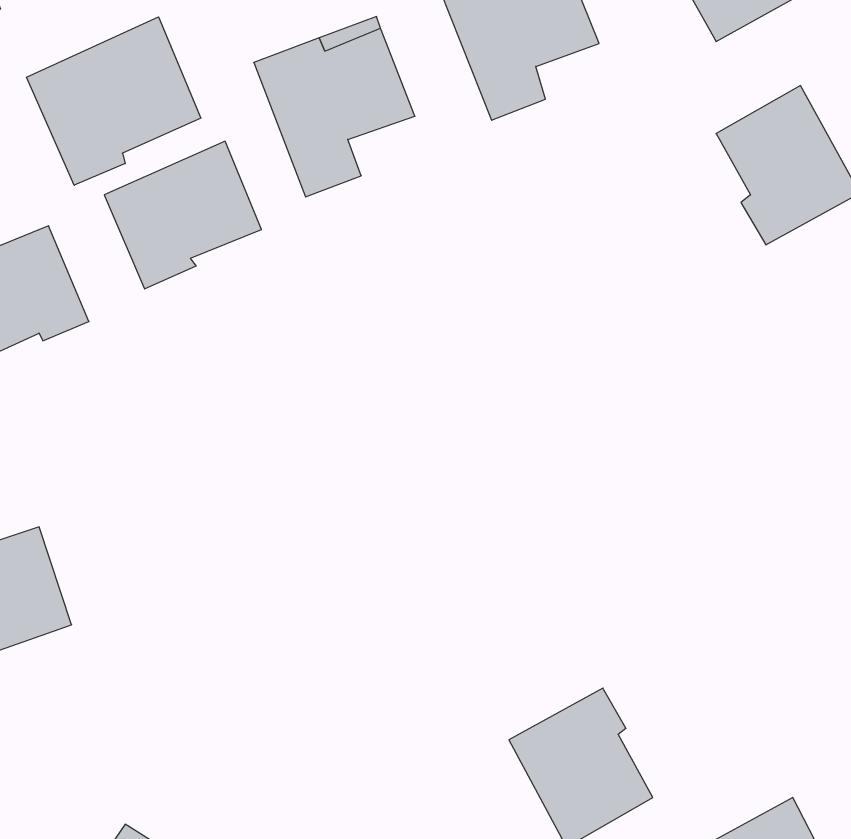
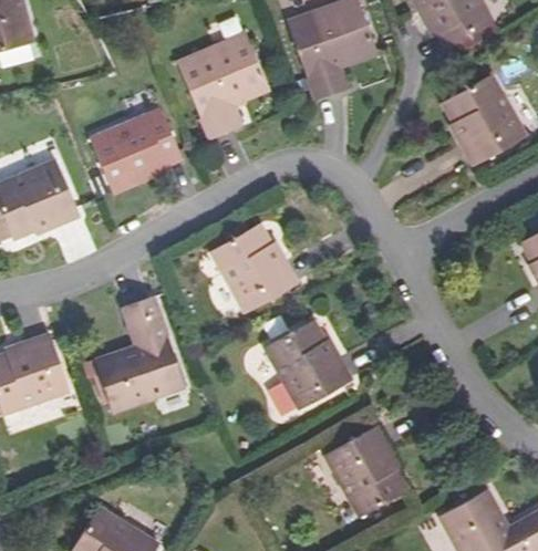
building: [26,17,201,185] -> none
building: none -> [214,225,299,312]
building: none -> [99,294,188,410]
building: none -> [265,321,352,407]

